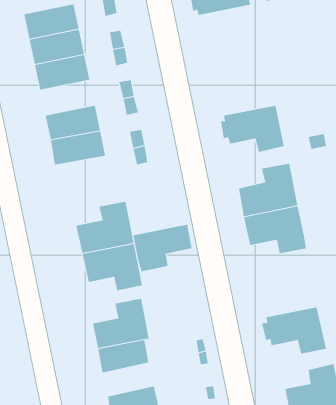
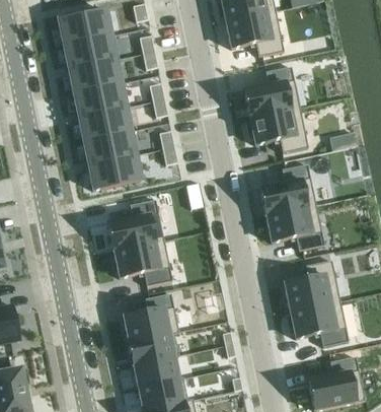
building: none -> [225,11,284,57]
building: none -> [243,67,300,118]
building: none -> [73,83,127,118]
building: none -> [87,156,142,190]
building: [133,224,192,272] -> none
building: none -> [284,261,339,312]
building: none -> [133,355,183,388]

